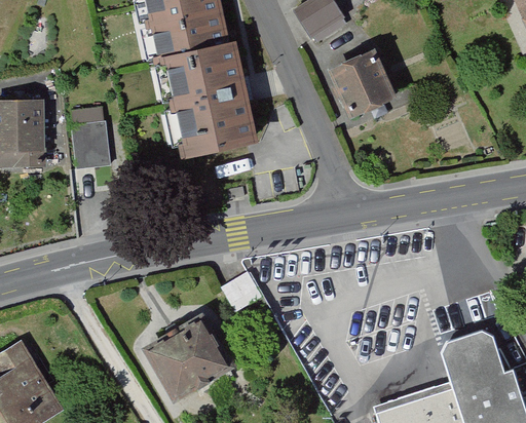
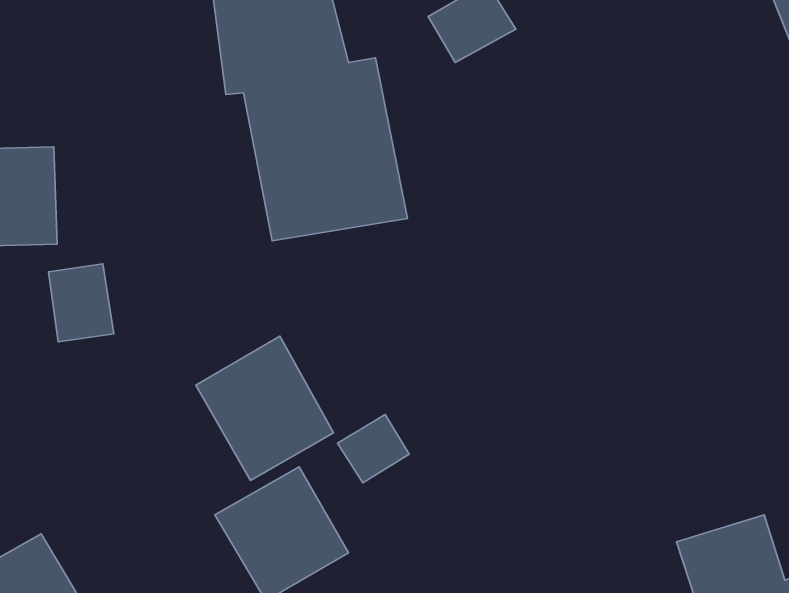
building: [317,51,387,119] -> none
building: [71,118,113,168] -> [49,264,114,342]
building: none -> [196,336,334,480]

